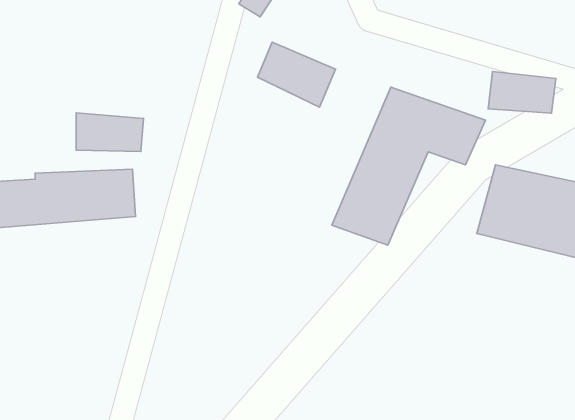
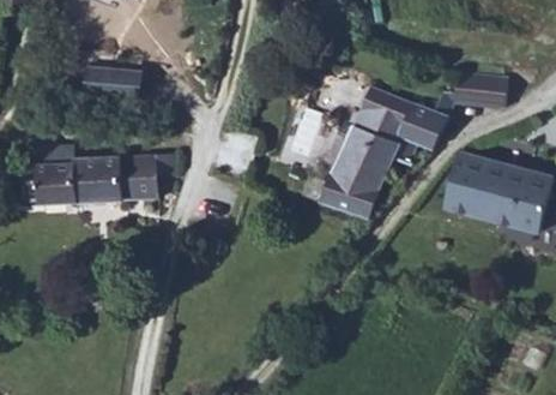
building: [258,42,336,107] -> none
building: [76,113,144,152] -> [85,66,141,98]

